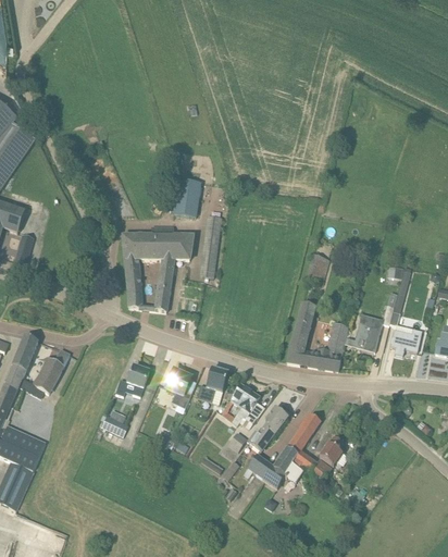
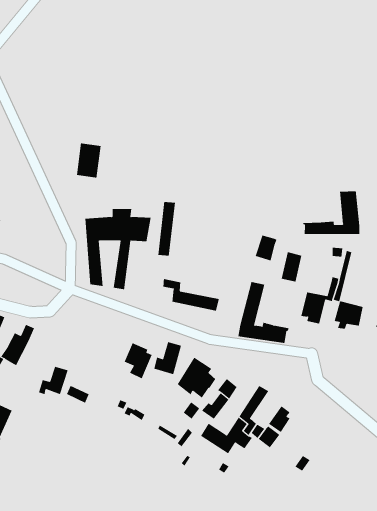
building: [174,177,201,215] -> [76,143,101,178]
building: none -> [303,190,360,235]
building: none -> [163,278,219,312]
building: [326,320,349,352] -> [281,252,302,282]
building: [116,364,149,395] -> [38,366,69,395]

